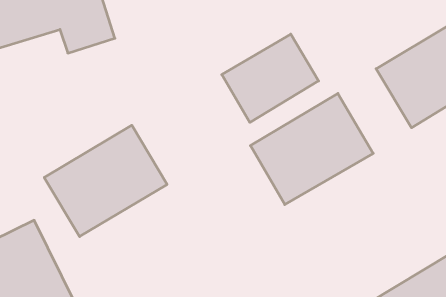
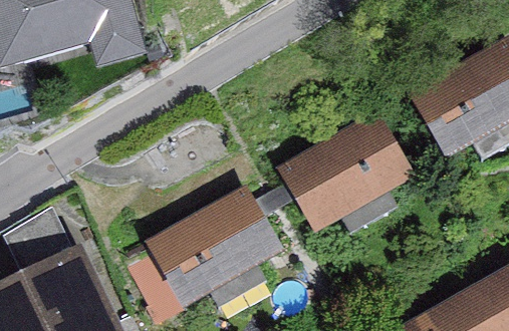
building: [222,34,319,122] -> none
building: [44,125,167,237] -> [155,187,280,300]

